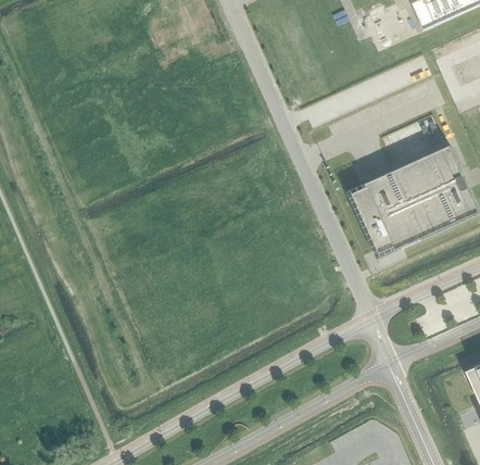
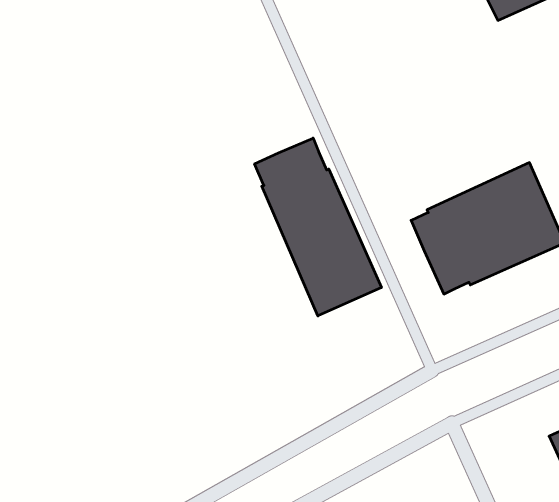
building: none -> [255,138,381,316]

